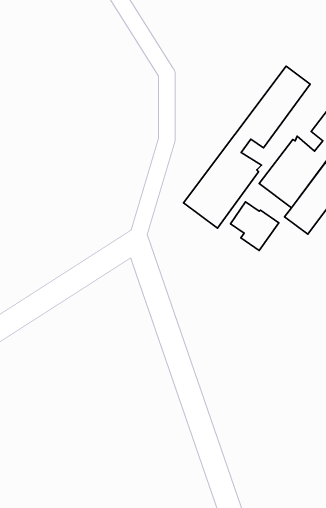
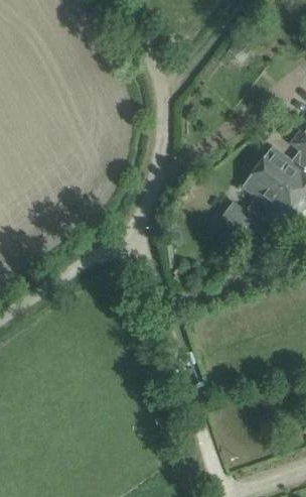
building: [184,66,310,228] -> none

